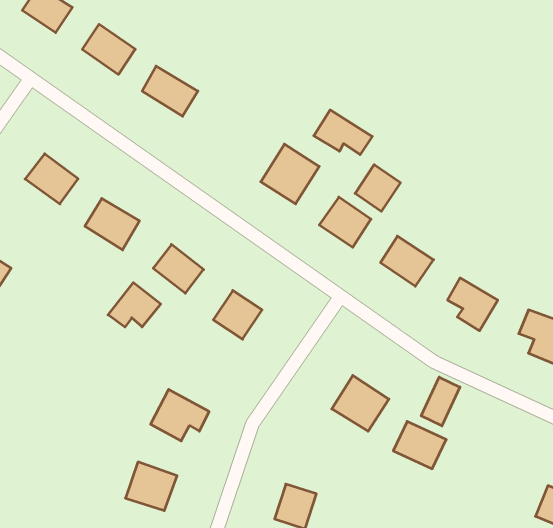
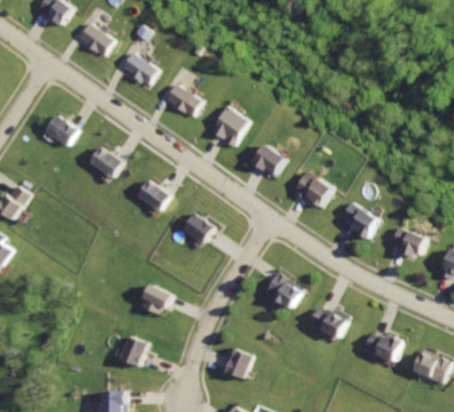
building: [314,110,372,155] -> none
building: none -> [167,83,206,118]
building: [355,165,400,211] -> none
building: [108,283,161,327] -> none
building: [421,377,460,426] -> none
building: none -> [361,330,400,362]

